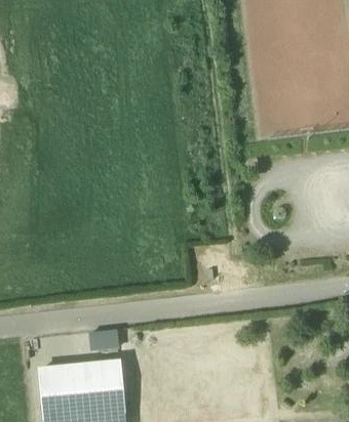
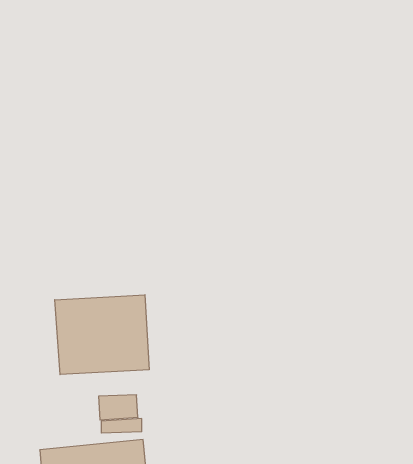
building: none -> [55,295,149,375]

